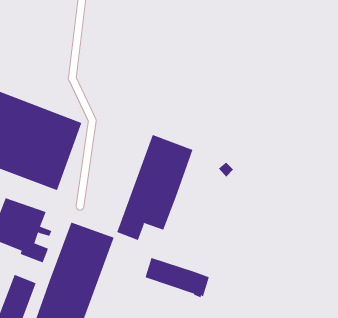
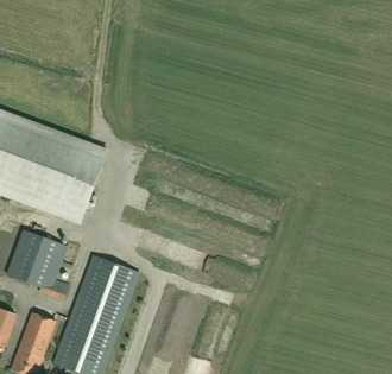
building: [116,134,193,241] -> none
building: [145,257,209,298] -> none

